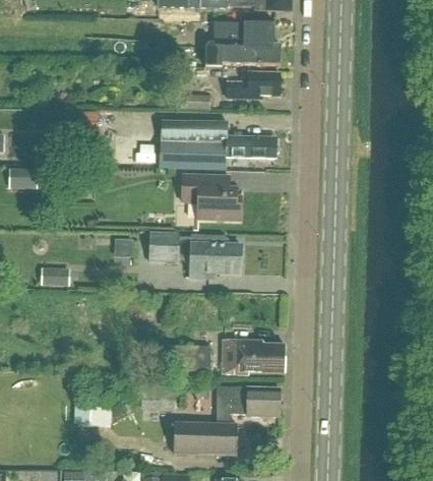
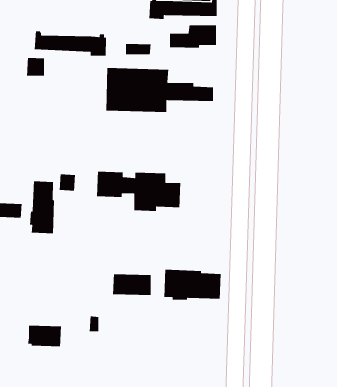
building: none -> [34,30,107,56]
building: [181,174,241,219] -> none
building: none -> [29,181,55,234]
building: [173,386,279,455] -> none

